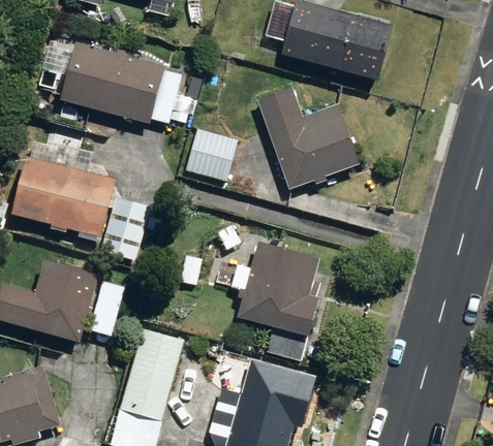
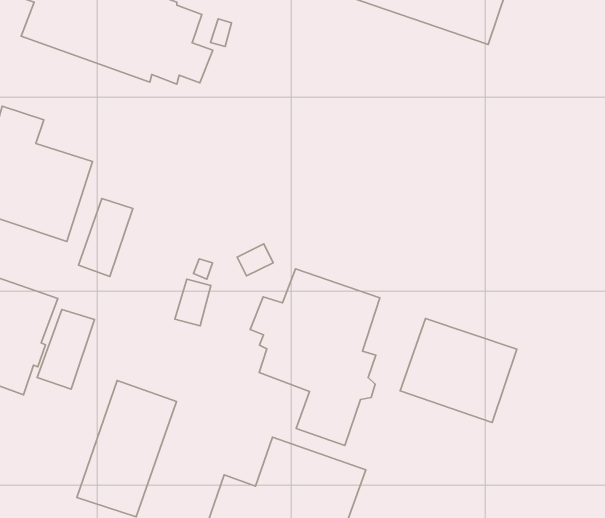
building: [257,86,358,188] -> none
building: [187,128,238,180] -> none
building: none -> [400,318,517,422]

